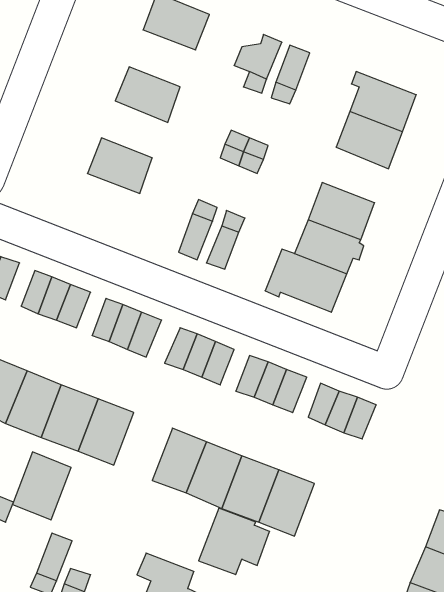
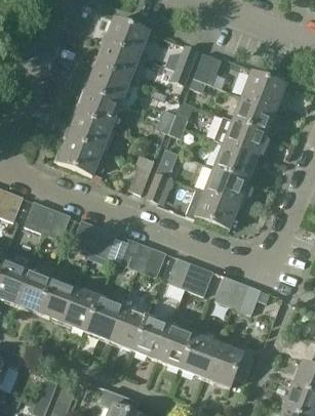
building: none -> [95,42,140,80]
building: none -> [77,89,121,127]
building: none -> [214,116,268,157]
building: none -> [58,137,103,175]
building: [12,452,71,520] -> [85,296,124,341]
building: [199,508,270,575] -> [205,343,252,387]

